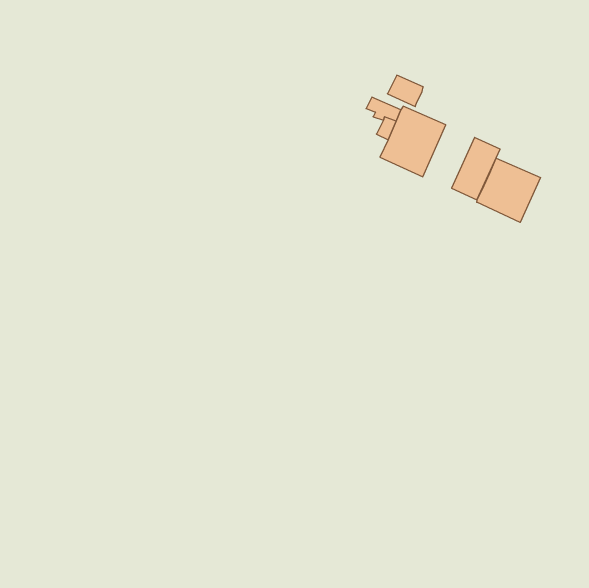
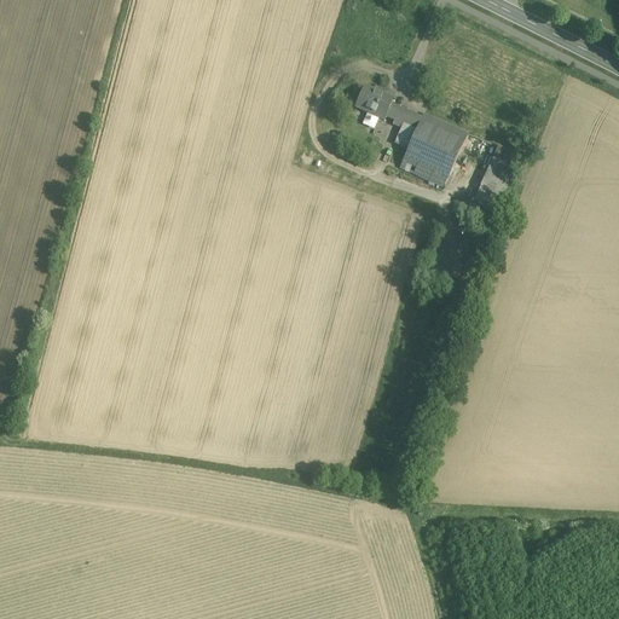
building: [387,75,423,107] -> [353,85,391,117]
building: [477,158,541,222] -> none

